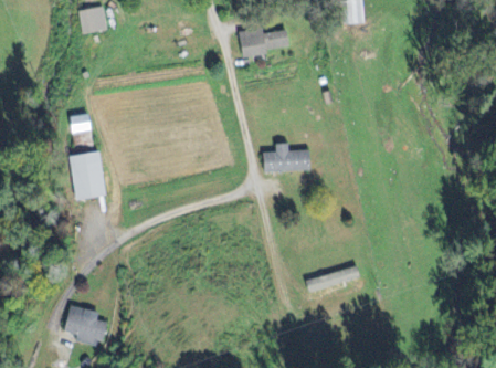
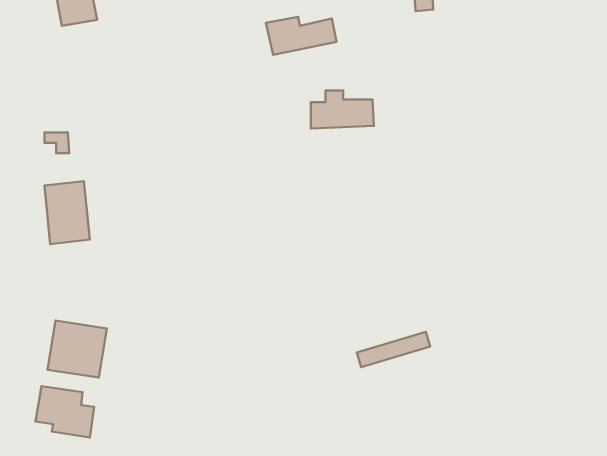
building: [263,144,310,172] -> [311,91,374,129]
building: none -> [47,320,107,378]

